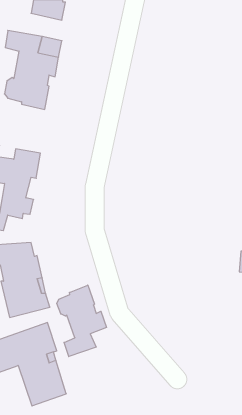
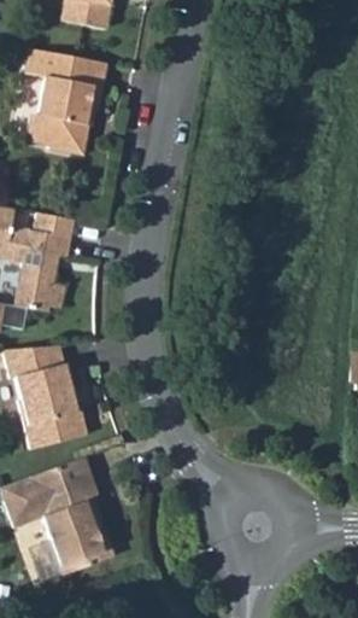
building: [57,285,107,357] -> none

